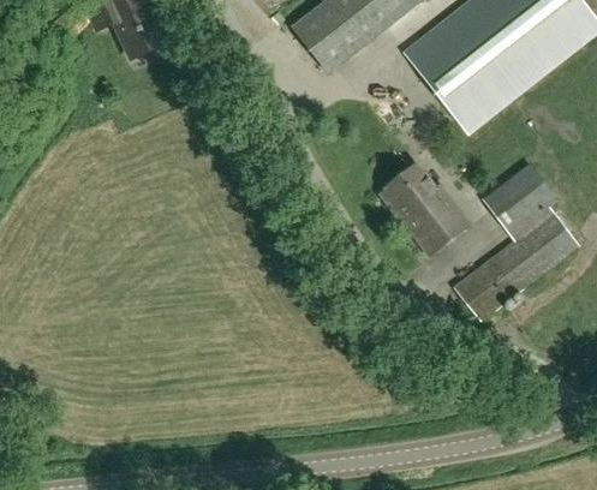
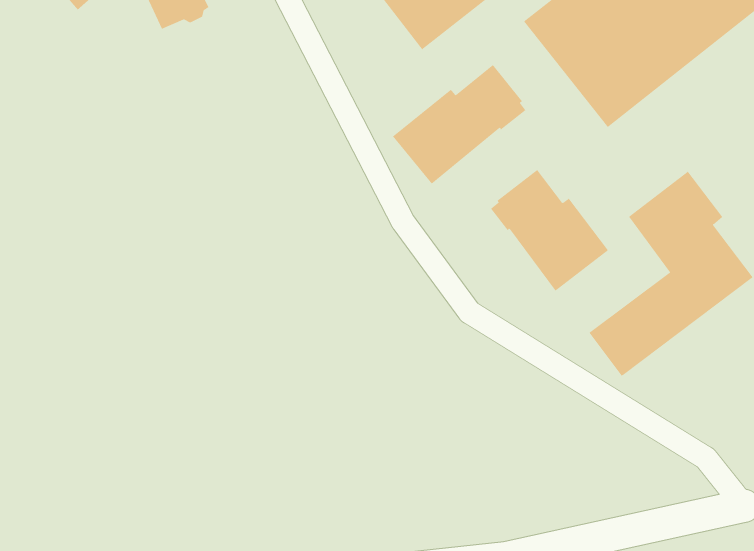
building: none -> [392,64,526,185]

